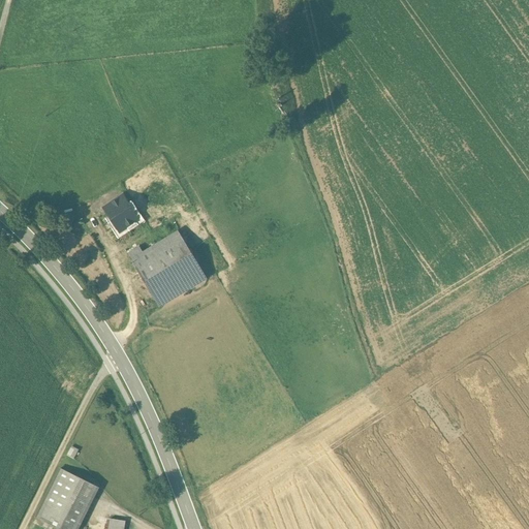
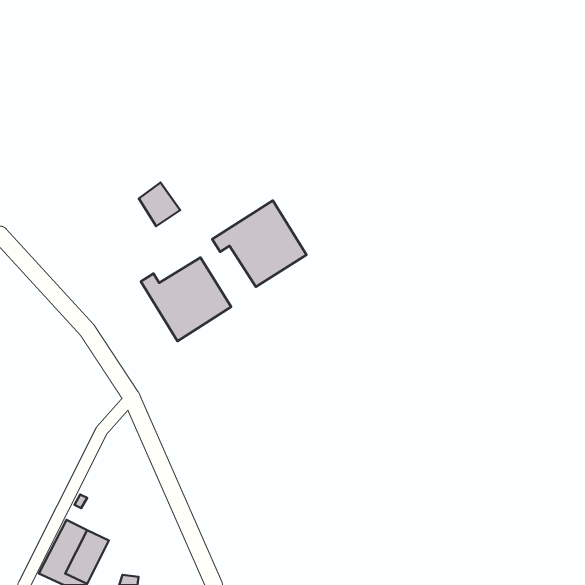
building: none -> [212,200,306,287]
building: [104,193,142,232] -> [139,183,180,226]

